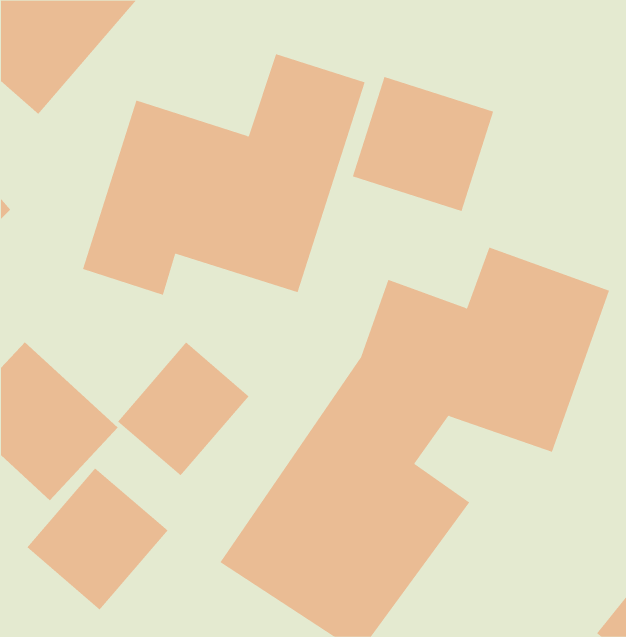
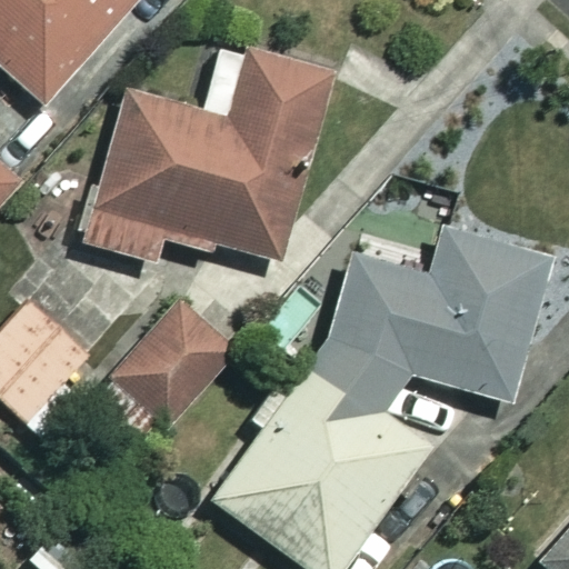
building: [352,76,494,212] -> none
building: [27,467,168,610] -> none

